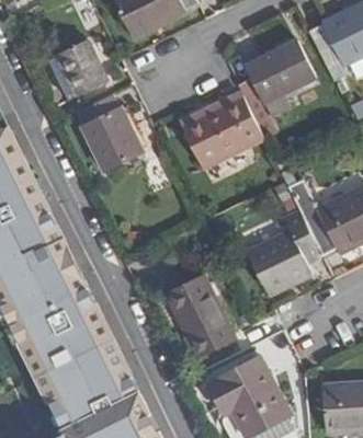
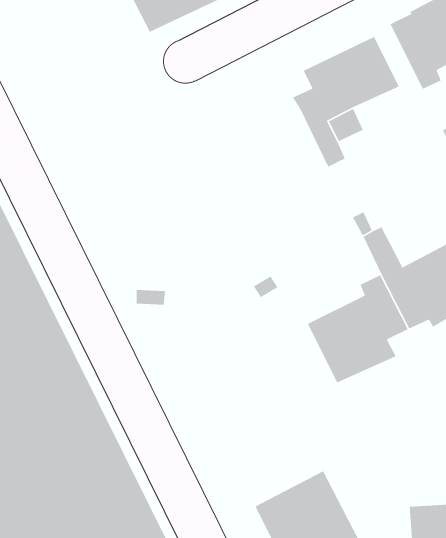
building: [57,41,105,94] -> none
building: [75,94,141,173] -> none
building: [179,94,262,169] -> none
building: [165,273,235,360] -> none

